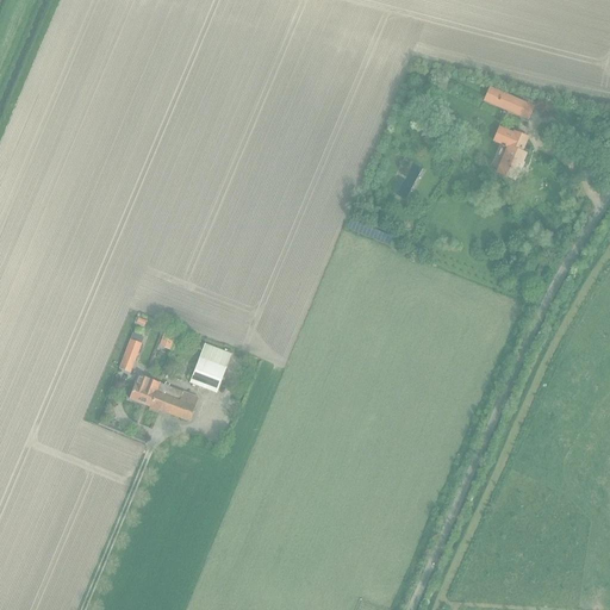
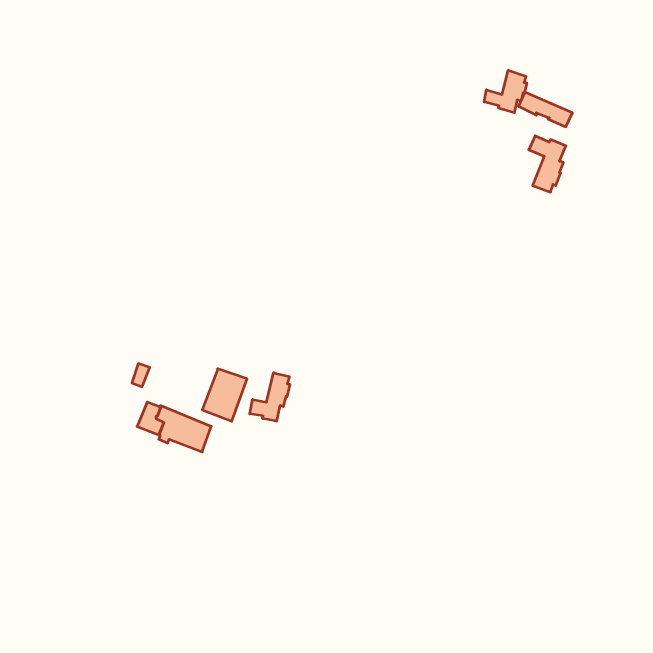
building: none -> [484,70,527,113]
building: none -> [250,373,290,421]

